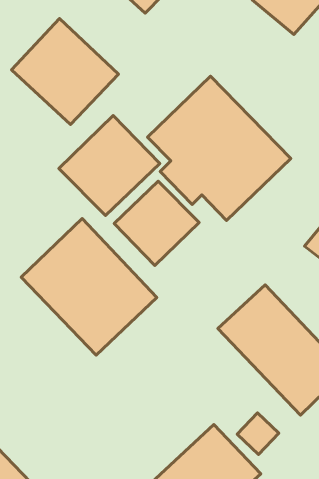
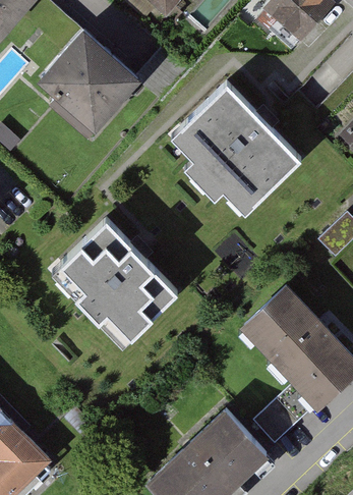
building: [59,115,160,215] -> none
building: [114,181,199,266] -> none

